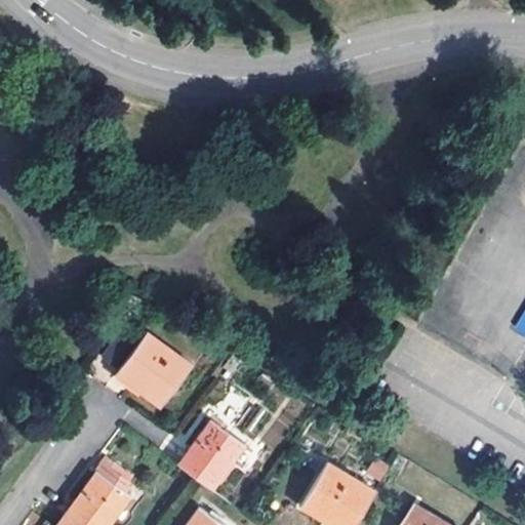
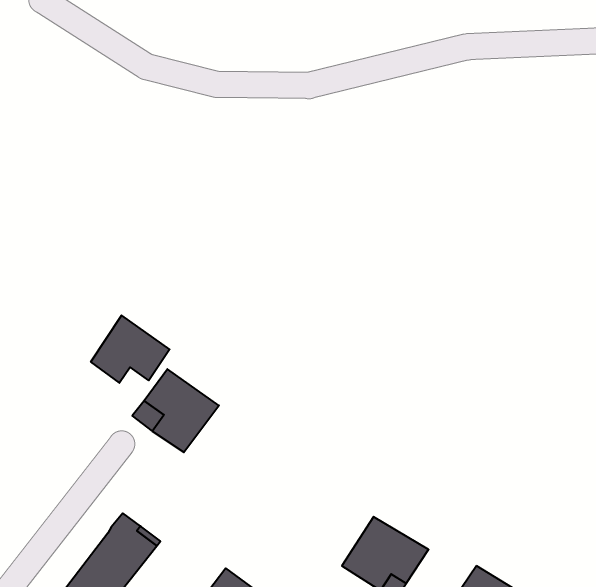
building: none -> [91,315,170,383]
building: [178,422,243,489] -> none

